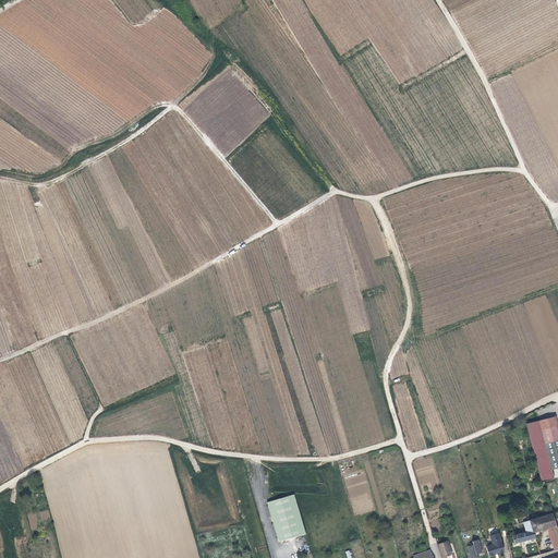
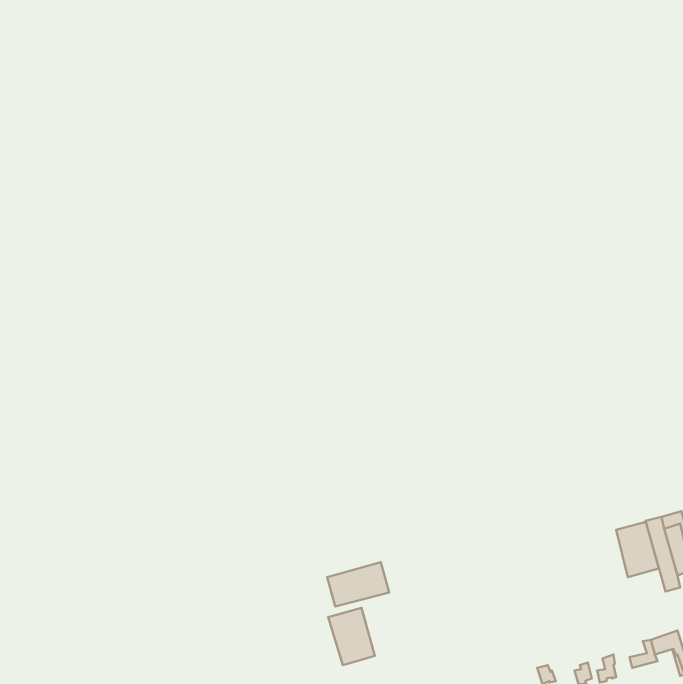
building: none -> [616,522,659,577]
building: none -> [327,562,389,607]

